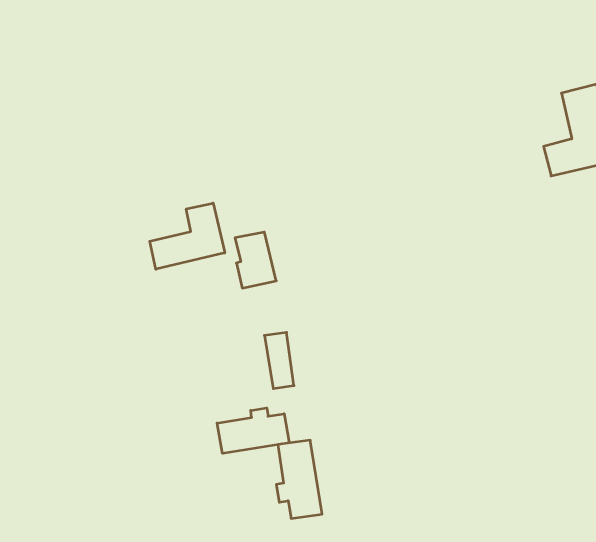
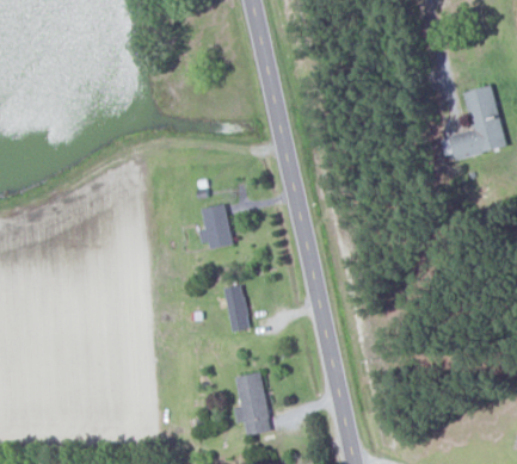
building: [150,203,225,269] -> none
building: [217,408,289,453] -> none

